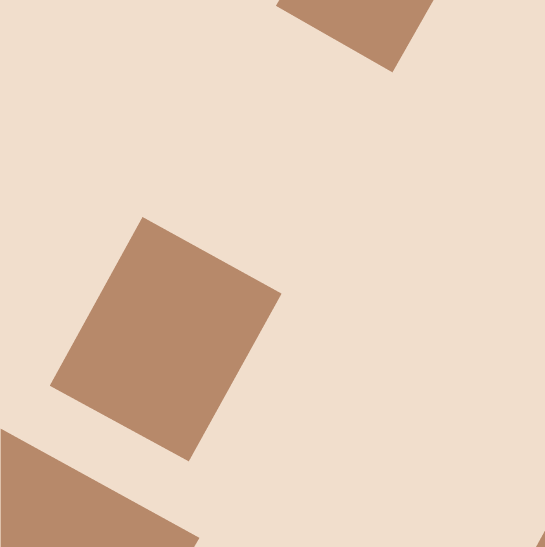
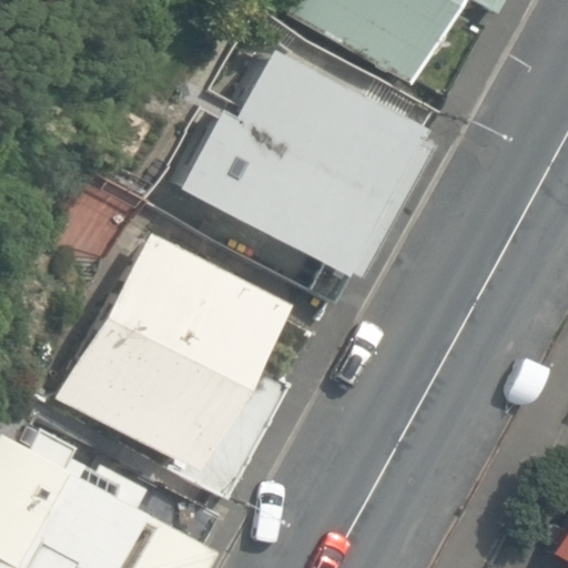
building: none -> [190,65,393,270]

